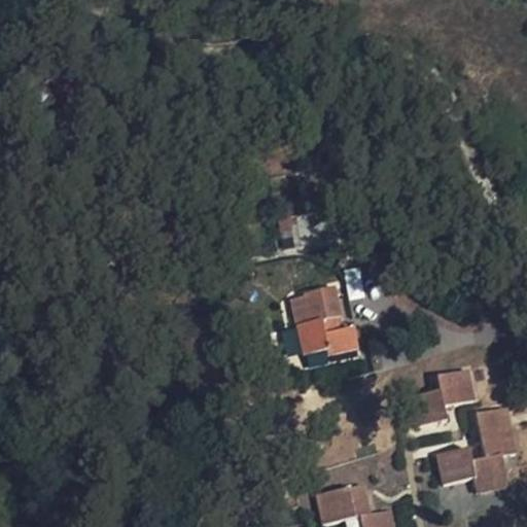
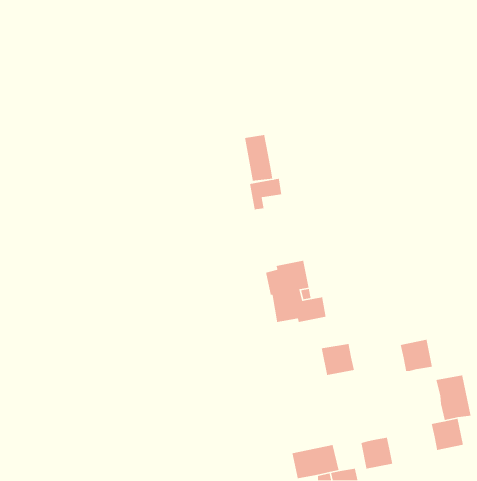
building: none -> [244,134,273,182]
building: [410,391,447,427] -> [321,343,355,376]
building: [438,448,475,484] -> [360,437,393,470]

